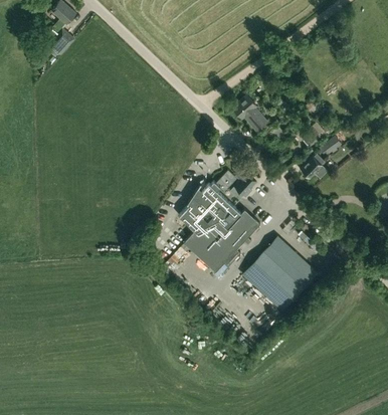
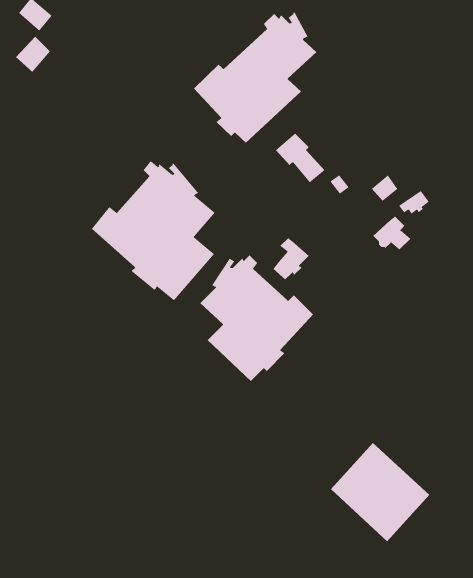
building: none -> [193,12,317,144]
building: none -> [91,160,216,301]
building: [246,237,317,307] -> [330,442,430,542]

